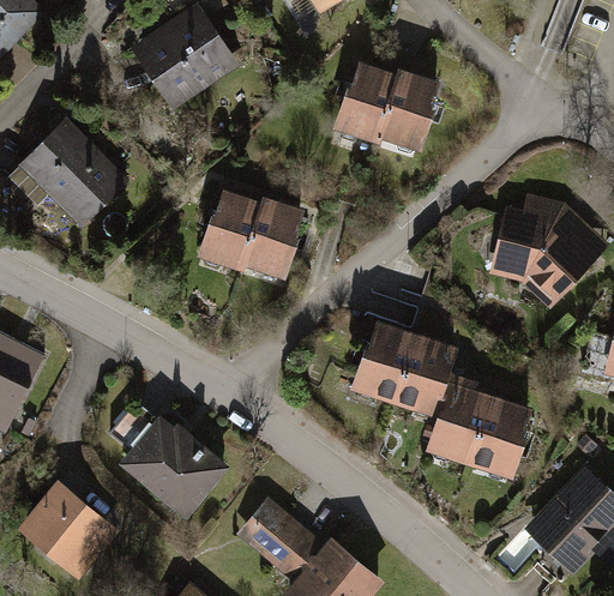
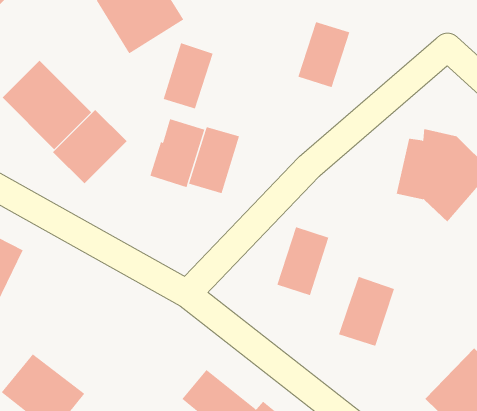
building: [335,60,396,140] -> [163,43,213,109]
building: none -> [52,109,127,184]
building: [390,335,458,420] -> none
building: [469,397,536,481] -> none
building: [113,407,224,514] -> none

